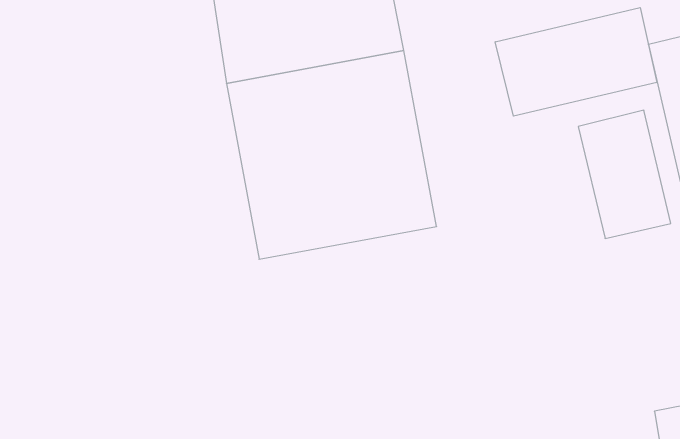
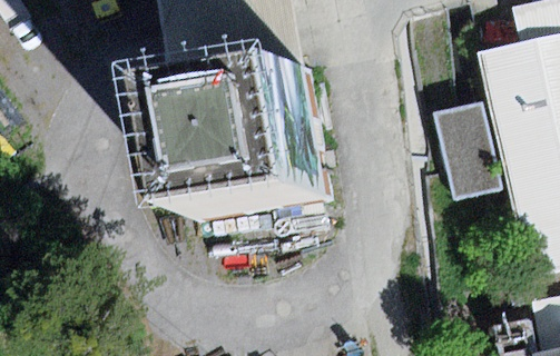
building: [495,8,657,116] -> none

